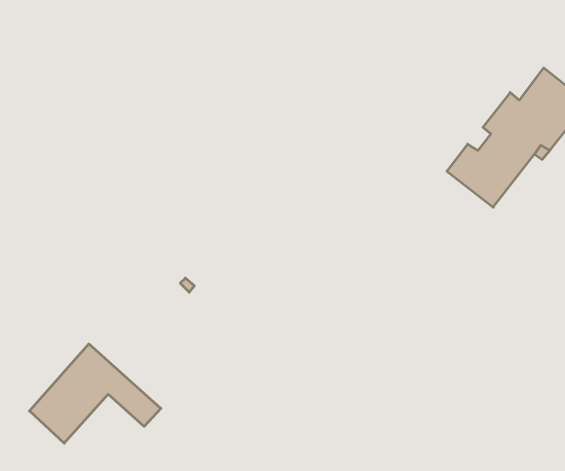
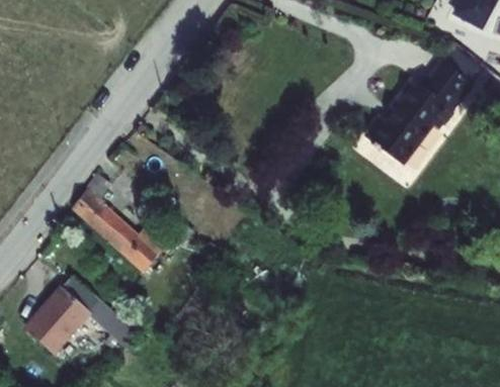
building: none -> [79,178,173,277]

